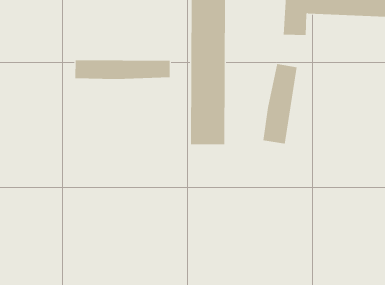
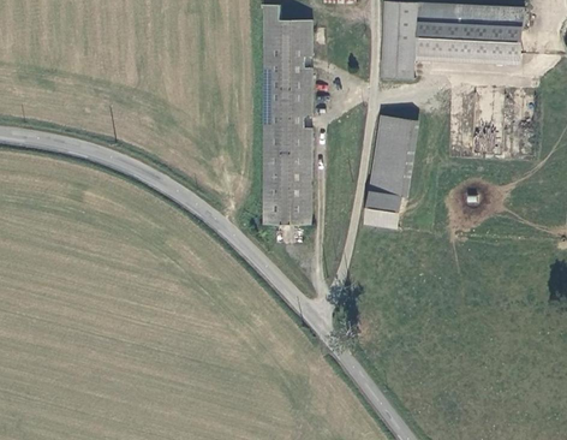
building: [75,59,170,80] -> none

